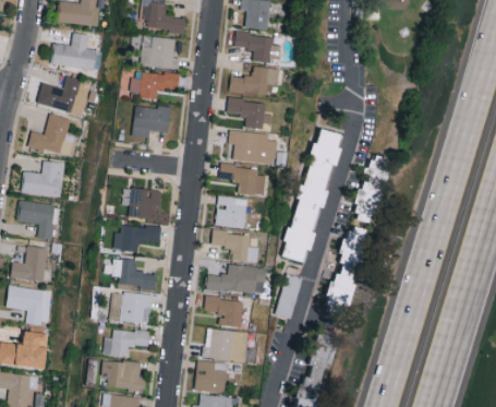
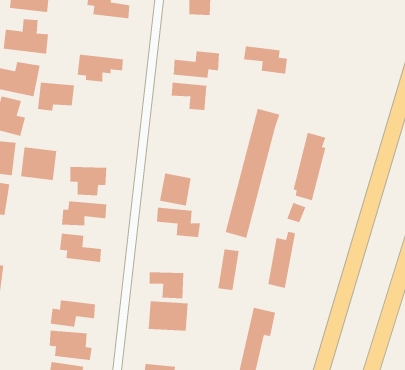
building: [234,33,281,62] -> [243,46,288,74]
building: [140,35,180,69] -> none
building: [132,106,171,136] -> [37,82,75,111]
building: [229,129,278,165] -> none
building: [220,165,266,194] -> none
building: none -> [20,147,57,181]
building: [207,264,266,294] -> none
building: [108,291,148,322] -> none
building: [194,360,227,392] -> none

